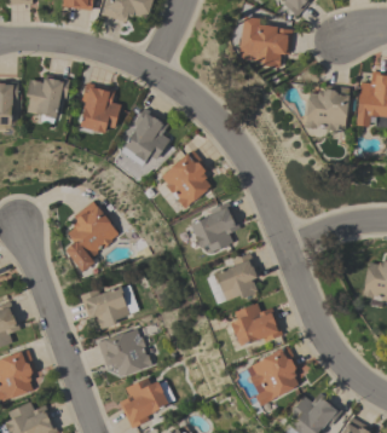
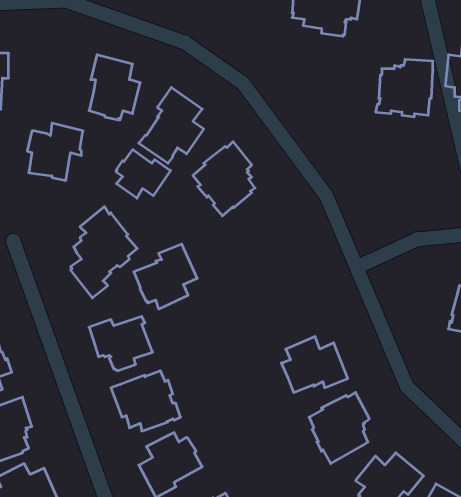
building: [25,74,69,119] -> [27,123,83,180]
building: none -> [116,150,171,198]
building: [190,202,239,253] -> [134,244,197,309]
building: [213,253,258,301] -> none

